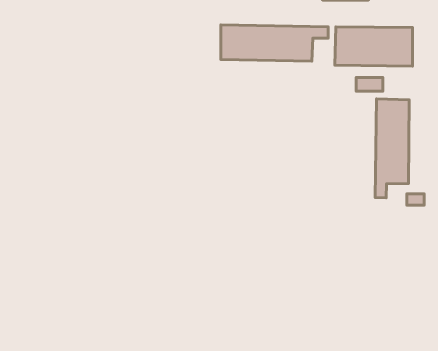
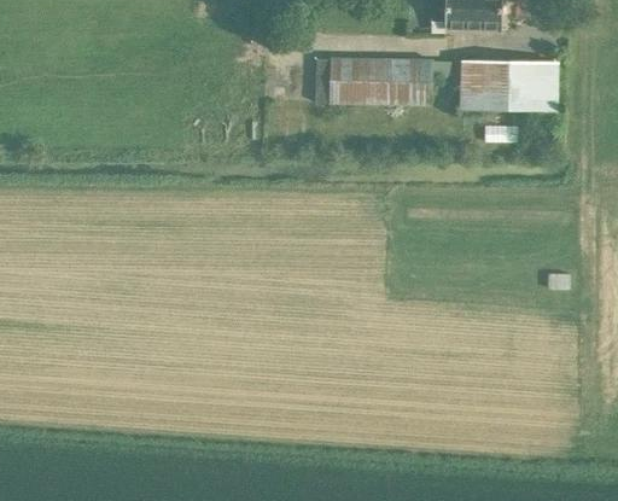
building: [375,99,409,198] -> none

